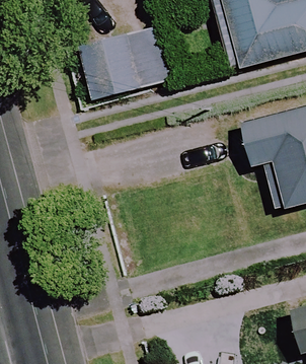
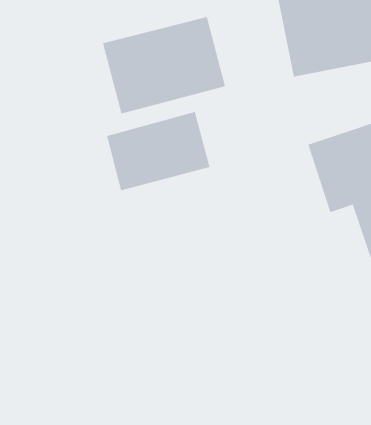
building: none -> [106,111,210,191]

